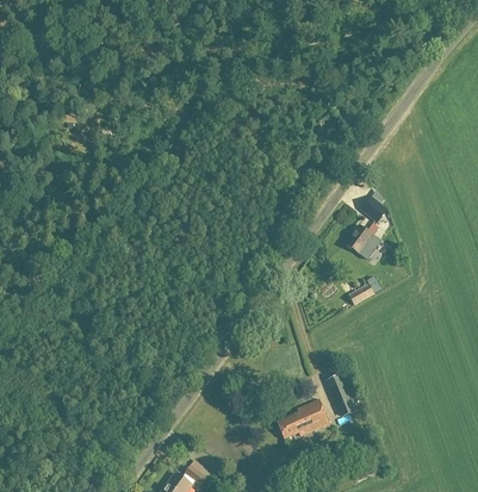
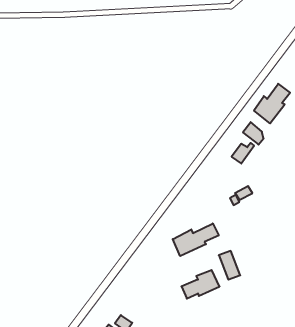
building: none -> [254,84,290,123]
building: none -> [173,223,219,256]

